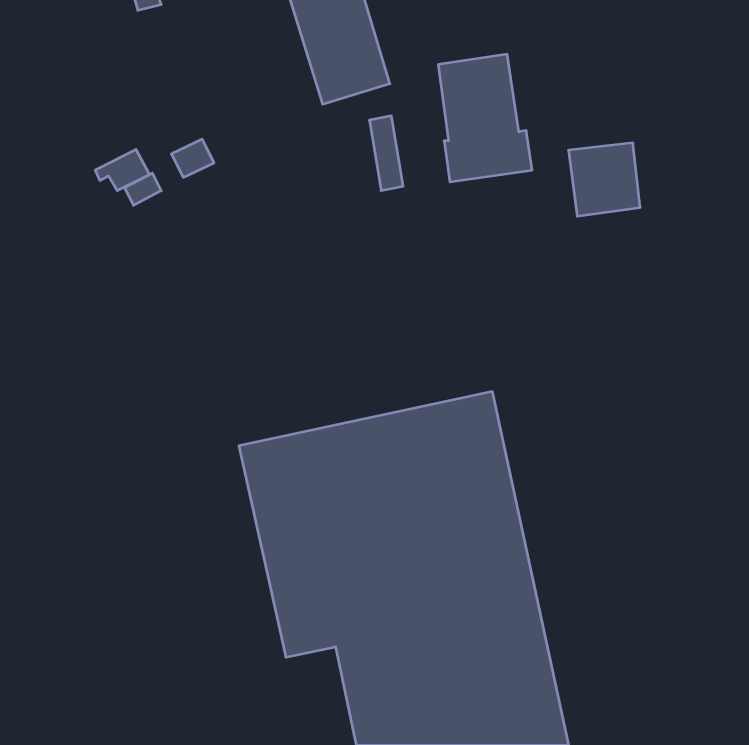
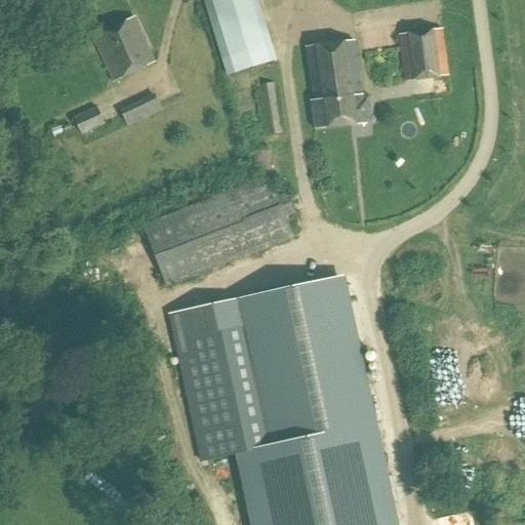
building: none -> [93,15,155,79]
building: [568,143,640,216] -> [398,28,448,79]
building: none -> [142,172,295,285]

